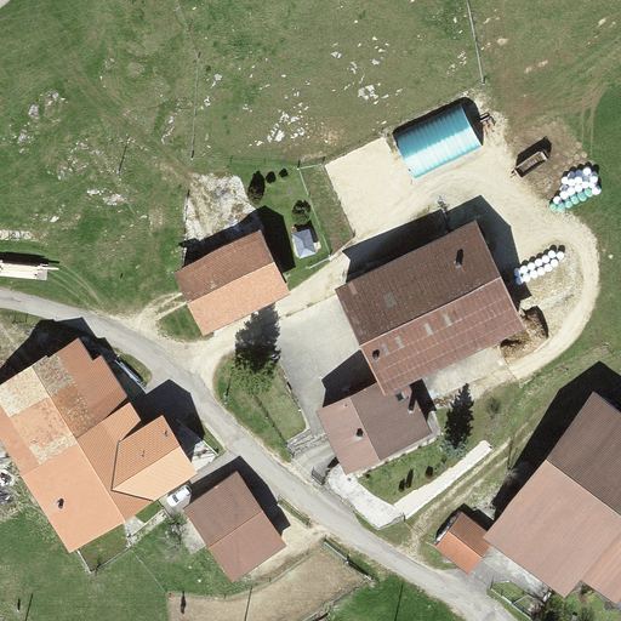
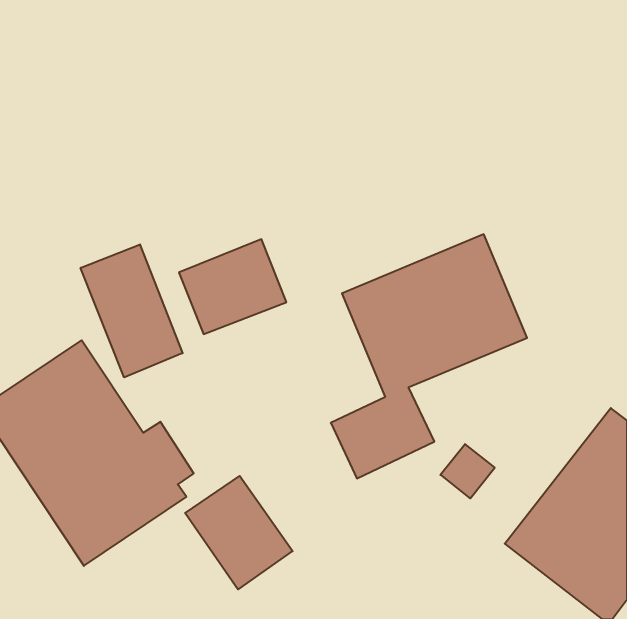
building: none -> [81,244,183,377]
building: [439,508,492,562] -> [440,444,495,498]

